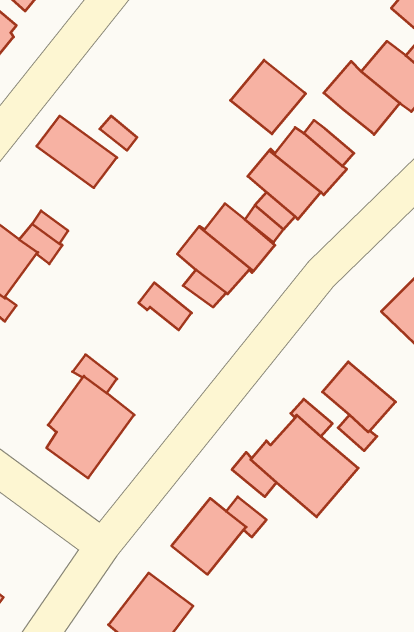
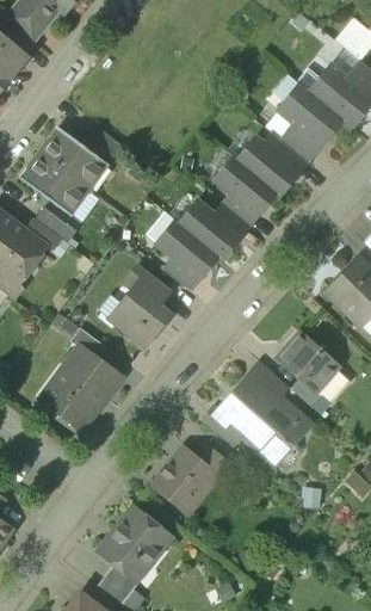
building: [230,60,306,134] -> none
building: none -> [280,123,319,160]
building: none -> [21,154,88,215]
building: none -> [118,288,169,347]

